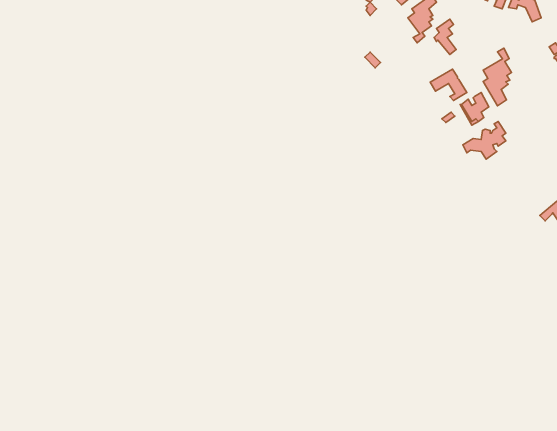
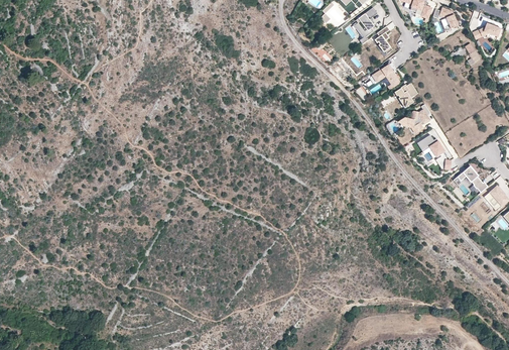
building: [483,48,512,106] -> none
building: none -> [417,134,451,169]

